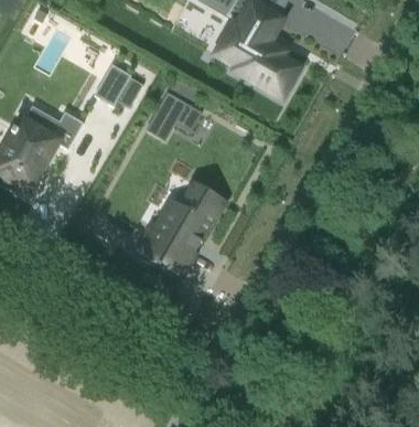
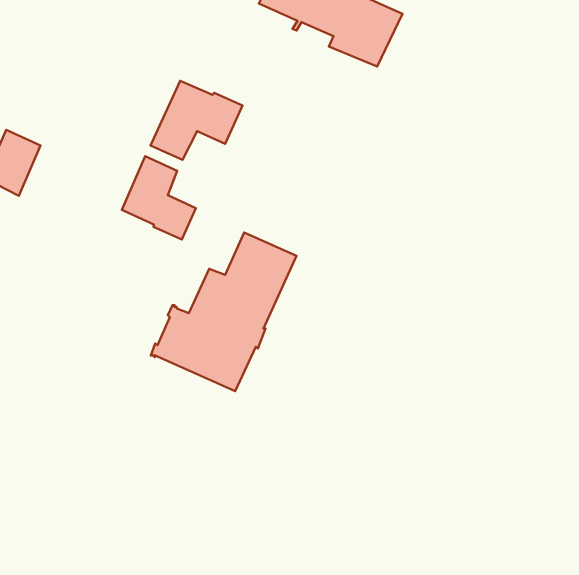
building: [92,63,129,105] -> none
building: none -> [122,156,196,240]

